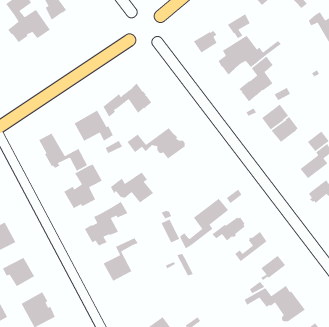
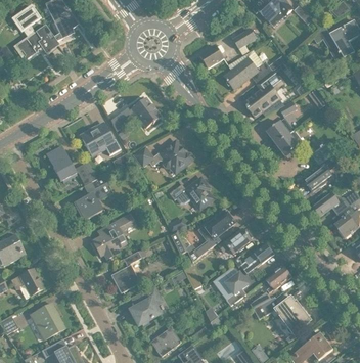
building: [110,171,154,204] -> [170,177,214,209]
building: none -> [215,267,248,305]
building: none -> [129,287,160,324]

